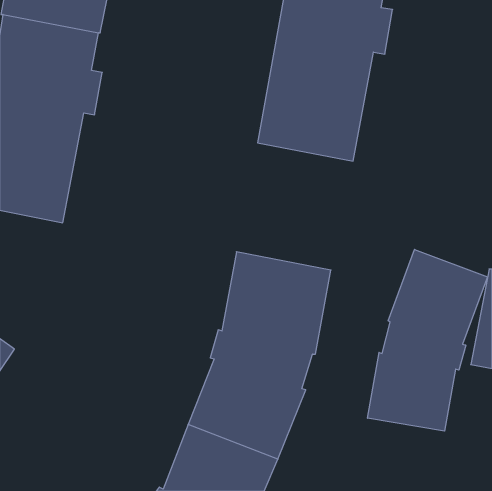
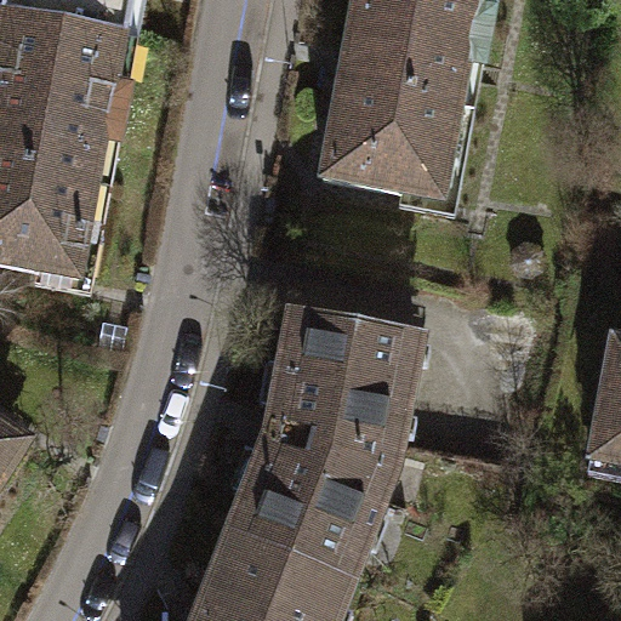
building: [368,249,488,431] -> none

